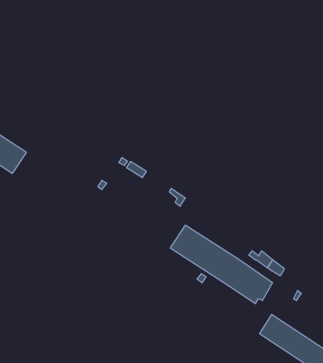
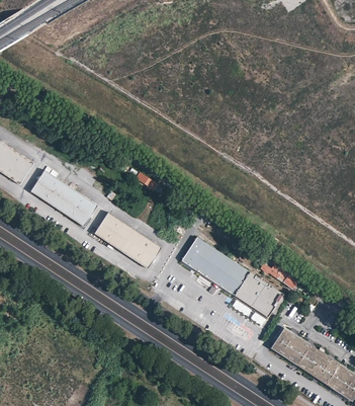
building: none -> [30,170,98,226]
building: none -> [94,212,162,268]

